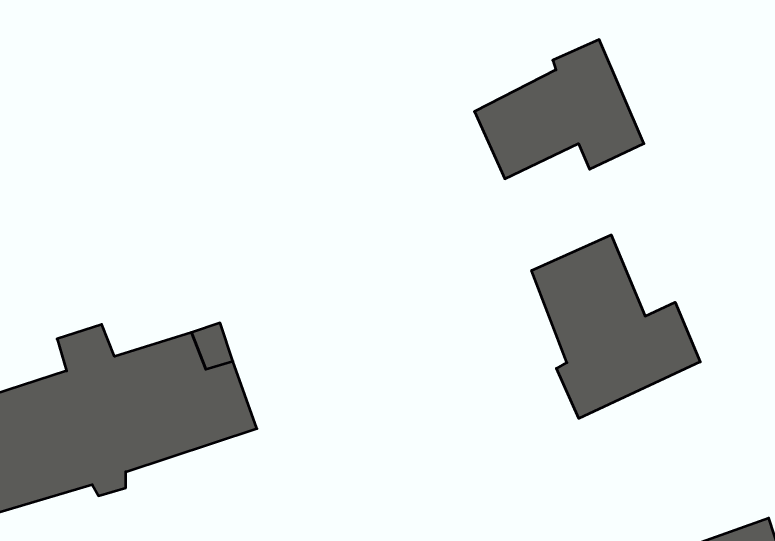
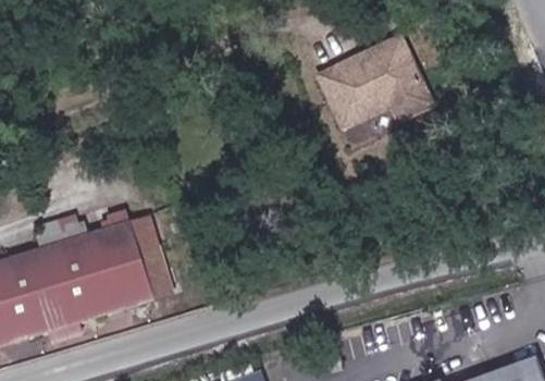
building: [532,235,700,418] -> none

